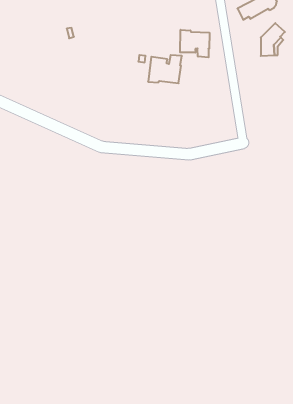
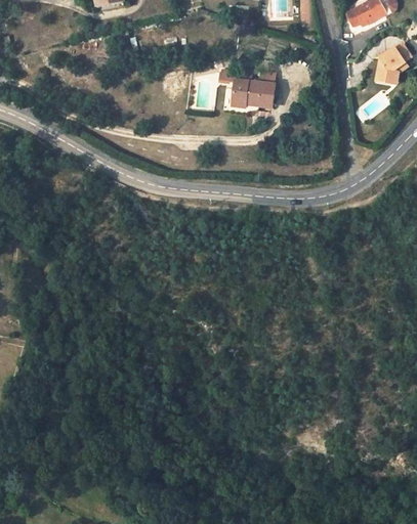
building: [180,30,209,57] -> none

